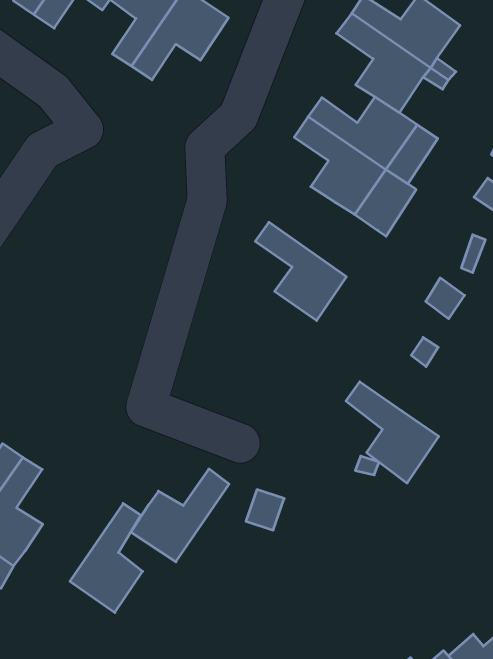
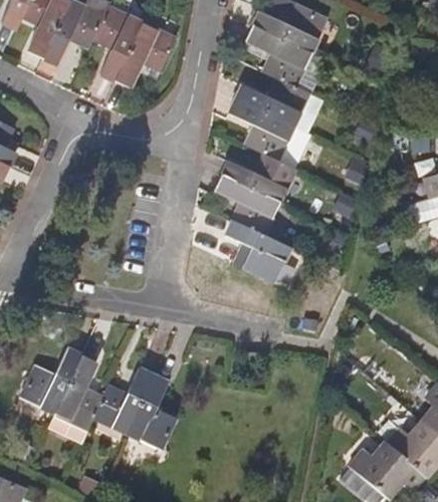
building: none -> [222,153,295,201]
building: [346,382,439,483] -> [226,218,291,280]
building: [131,469,229,562] -> [94,366,155,432]

